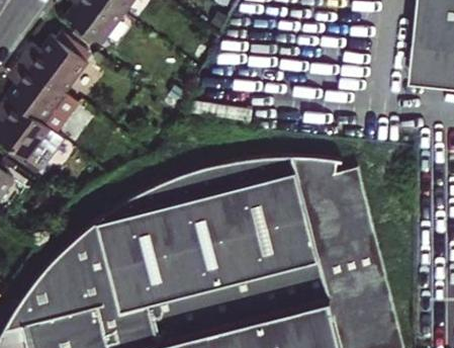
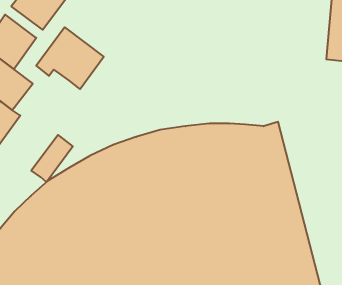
building: none -> [36,27,104,89]
building: none -> [31,135,73,182]

